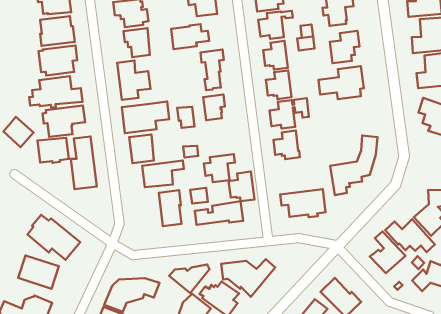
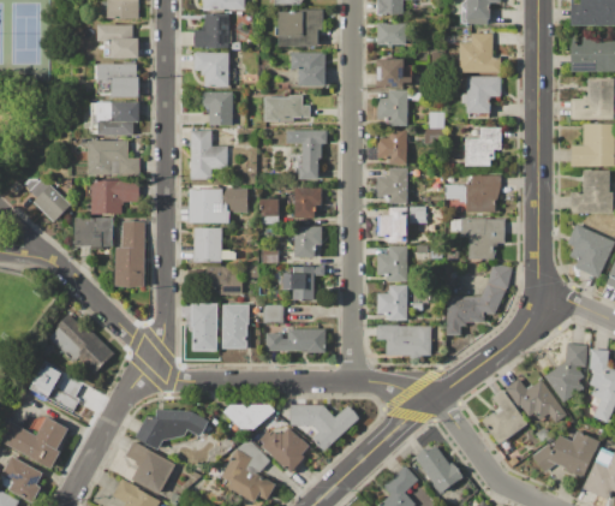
building: none -> [450,219,504,260]
building: none -> [293,226,322,257]
building: [229,172,254,201] -> [377,285,407,321]
building: none -> [191,304,217,351]

